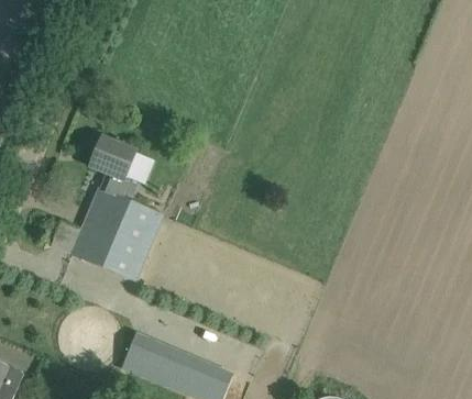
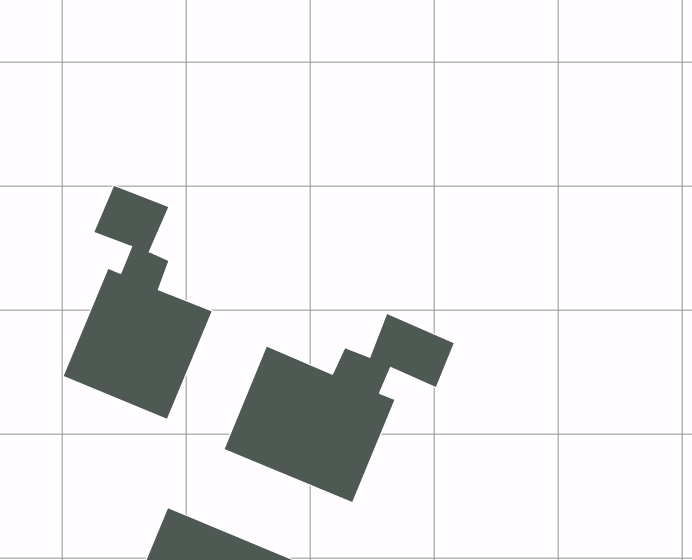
building: none -> [224,313,454,503]

